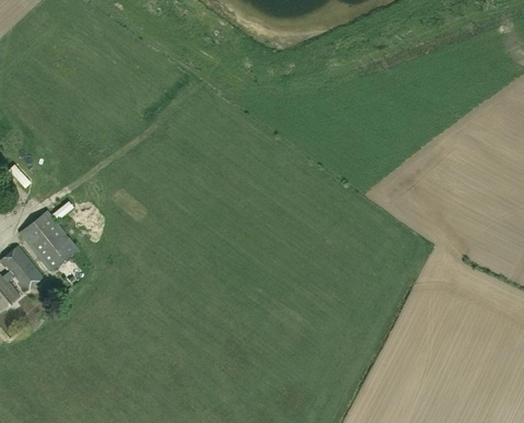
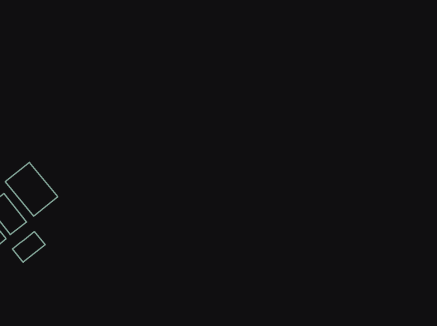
building: none -> [12,232,45,262]

